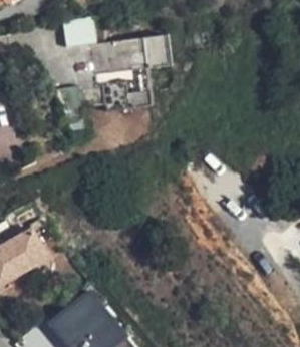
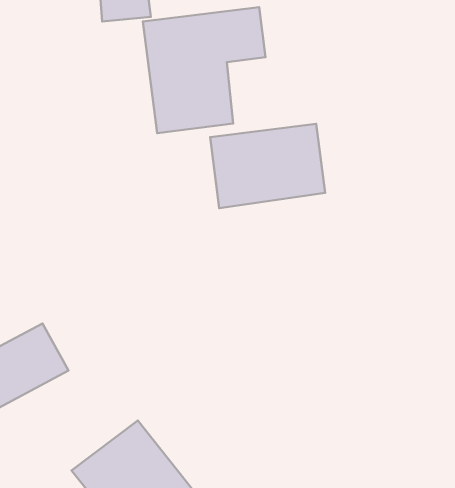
building: none -> [210,124,325,208]

